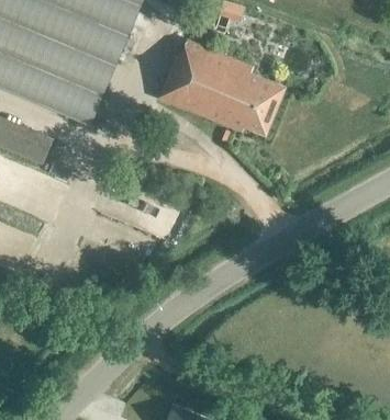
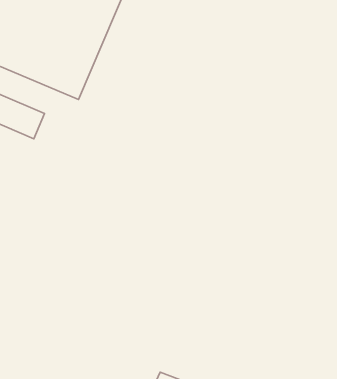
building: [156,41,286,136] -> none

